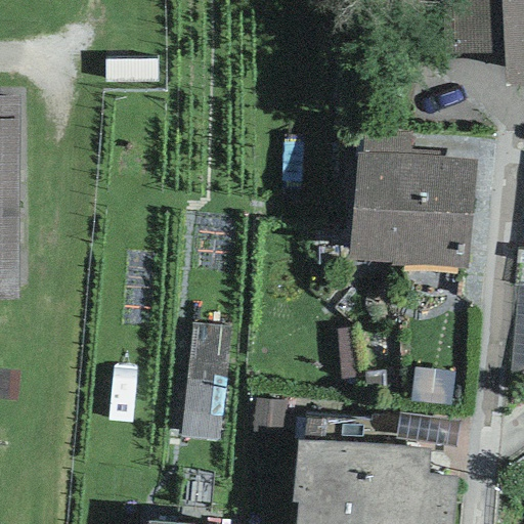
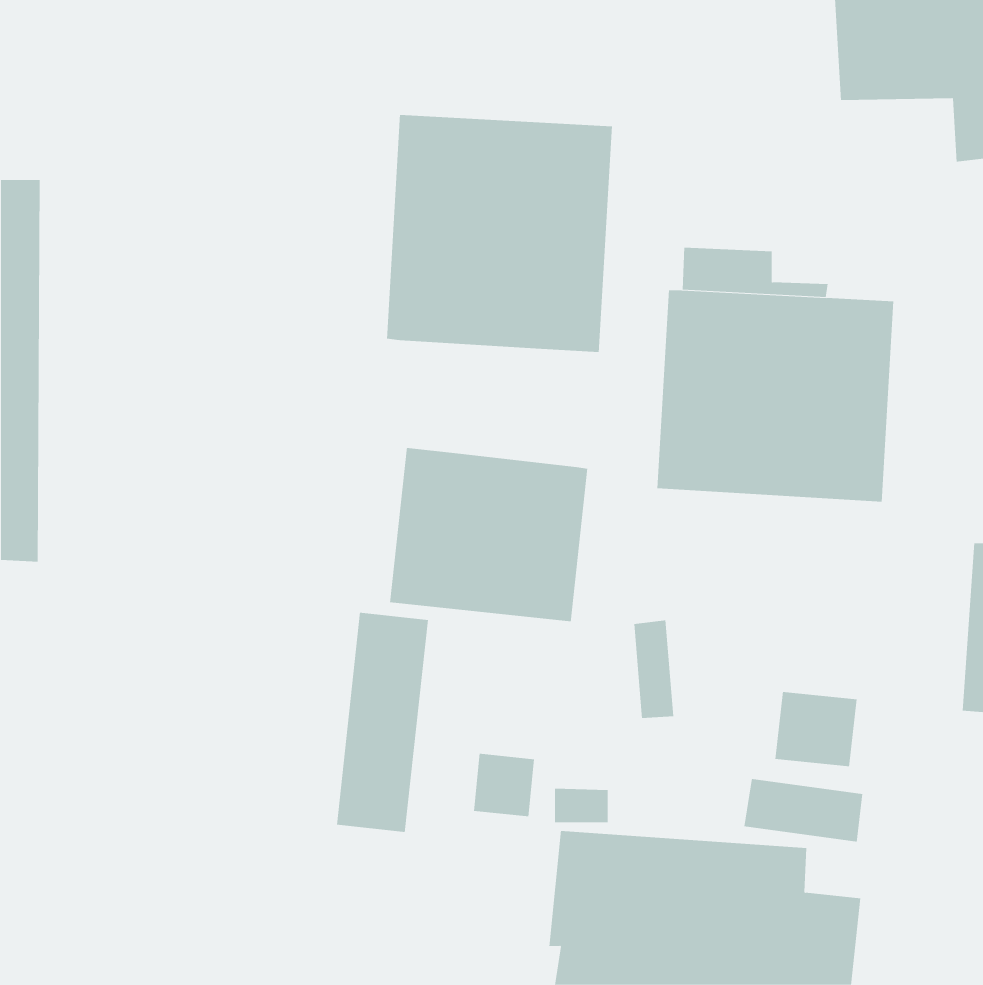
building: none -> [387,114,612,353]
building: none -> [390,447,588,622]

